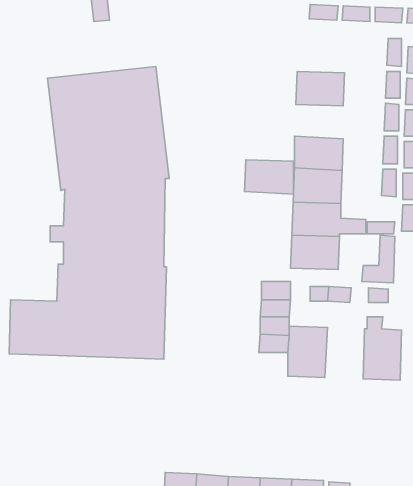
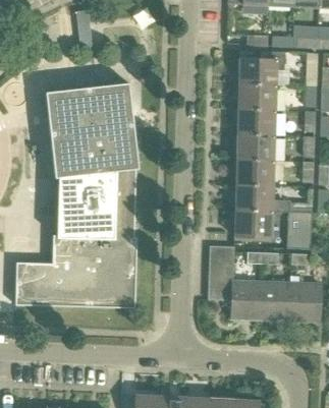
building: none -> [237,51,285,86]
building: [245,160,293,194] -> [235,111,273,137]
building: none -> [259,283,289,323]

